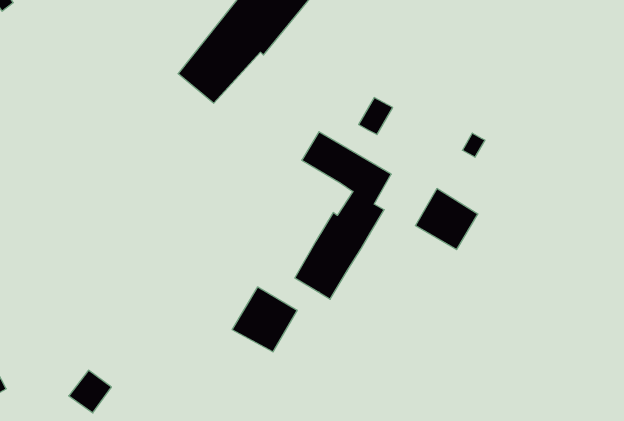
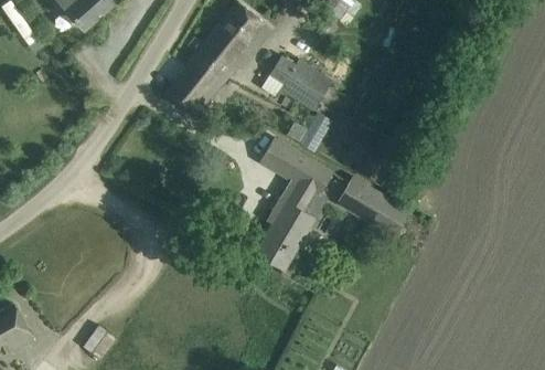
building: none -> [269,55,332,110]
building: [232,287,297,352] -> none

